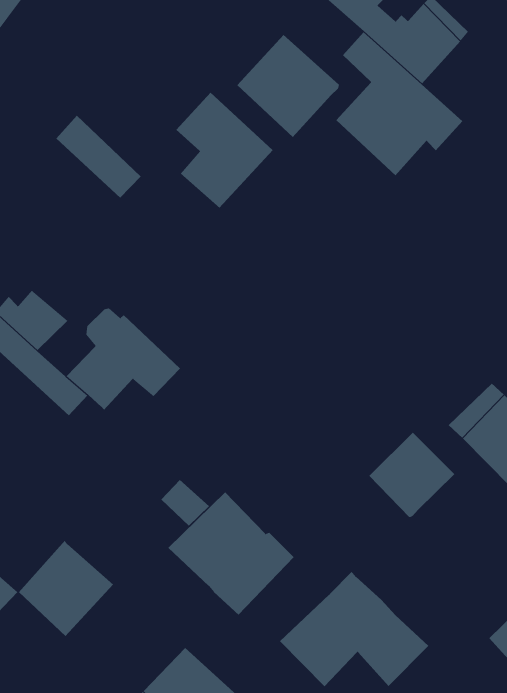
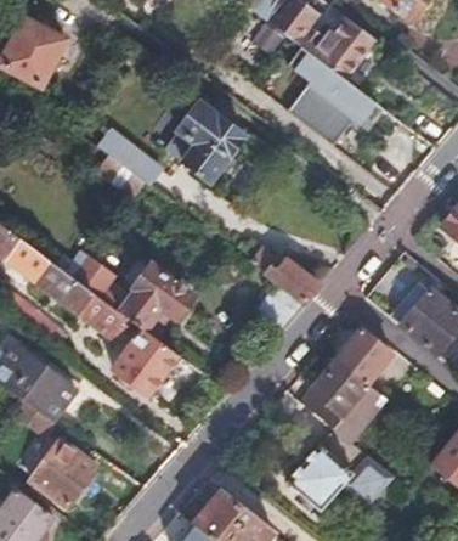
building: [236,34,340,138] -> none
building: none -> [250,248,318,304]
building: [168,491,294,615] -> [299,359,389,445]
building: [18,540,114,637] -> [113,329,180,398]

